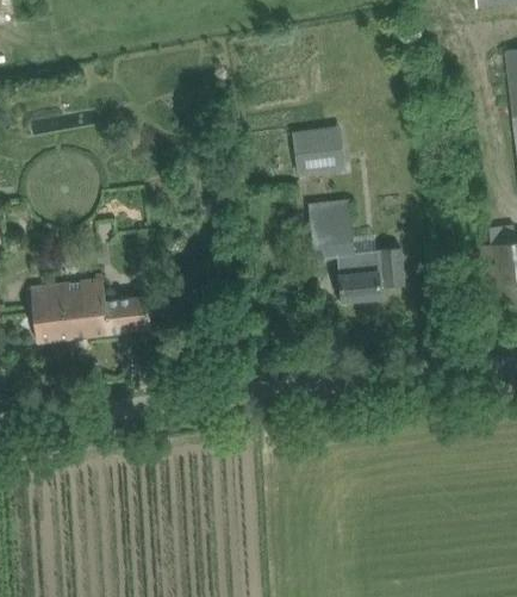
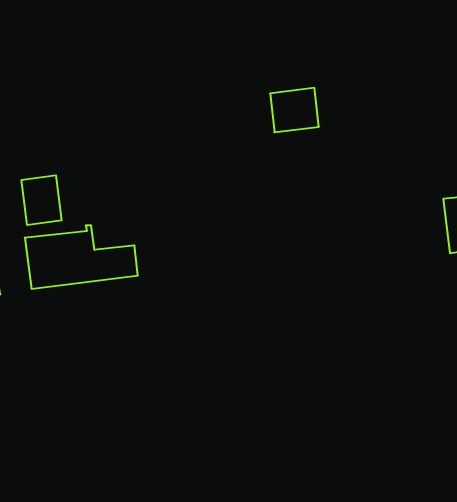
building: [309,201,404,300] -> none
building: none -> [22,175,62,225]

